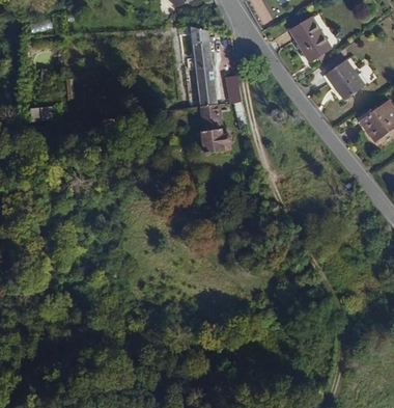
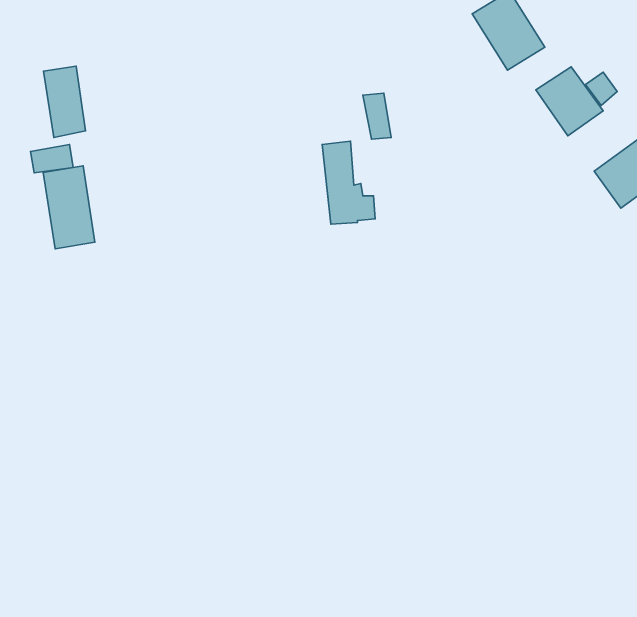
building: [190,27,216,106] -> none
building: none -> [43,66,86,138]
building: none -> [43,166,95,249]

